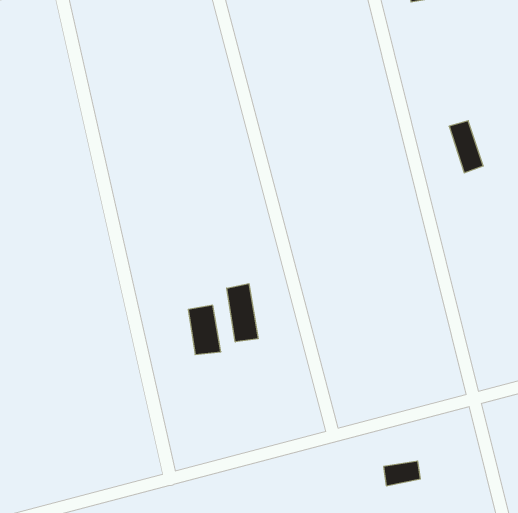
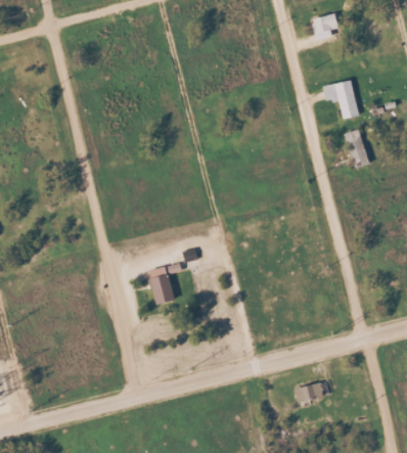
building: none -> [323,80,360,119]
building: [227,284,258,342] -> none

